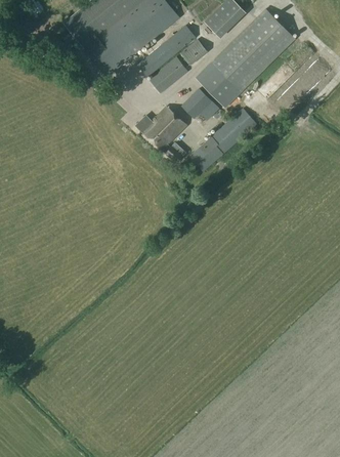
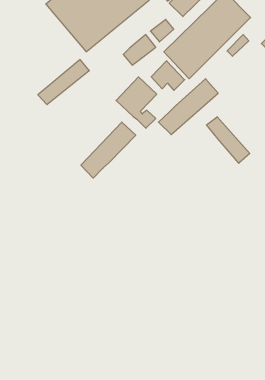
building: [138,26,197,77] -> [38,60,89,105]
building: none -> [206,117,250,163]
building: none -> [81,122,136,178]

